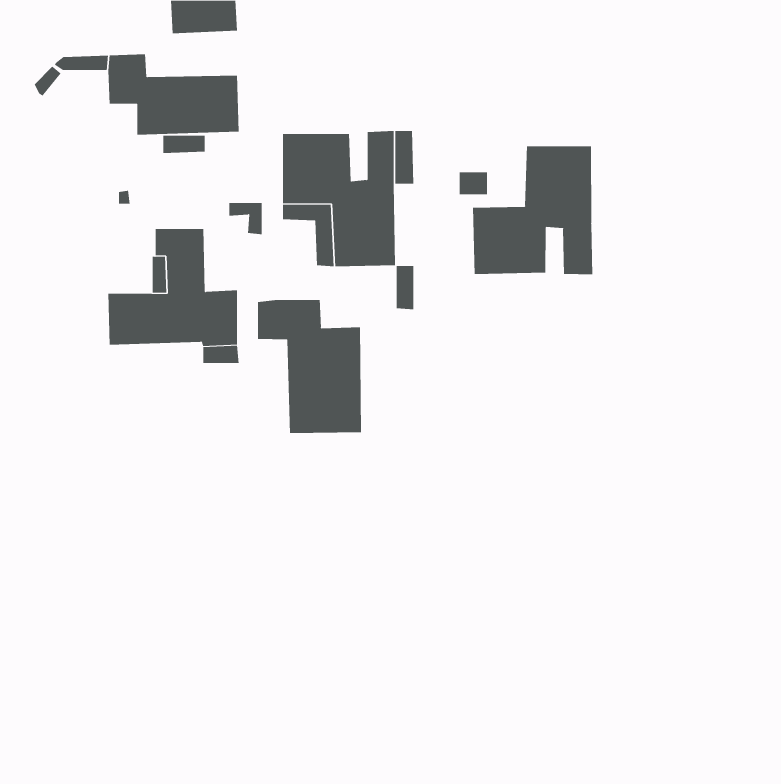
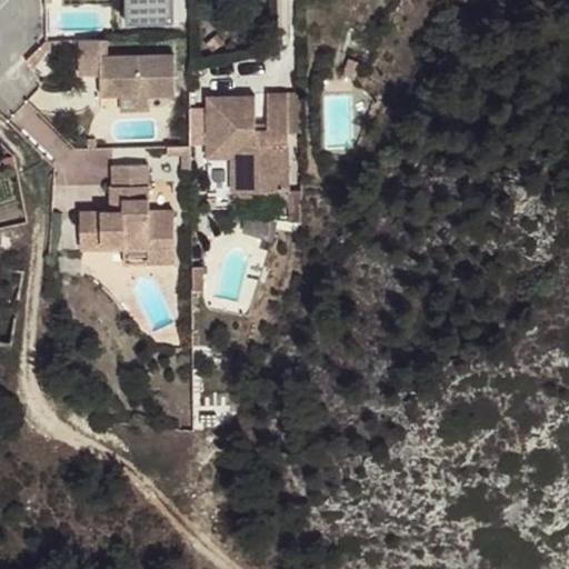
building: [473,146,593,275] -> none
building: [257,299,362,434] -> none

